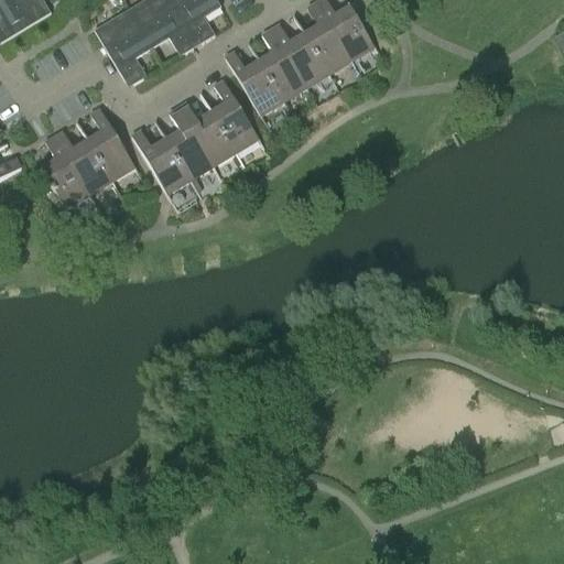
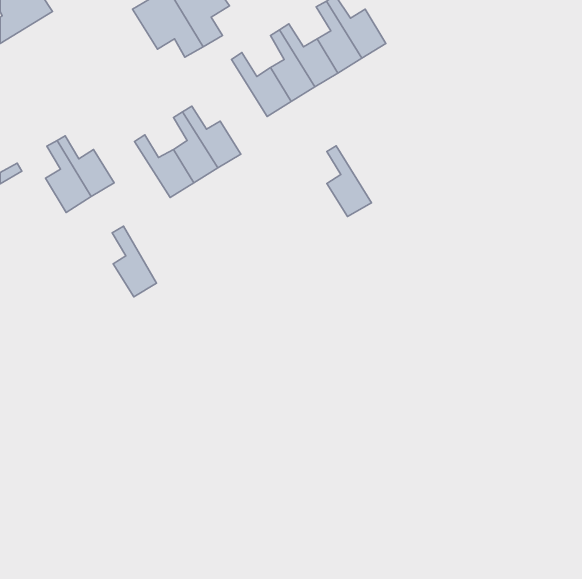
building: [95,9,153,86] -> none
building: [214,80,257,149] -> [327,146,371,217]
building: [90,108,133,176] -> [112,226,157,297]

